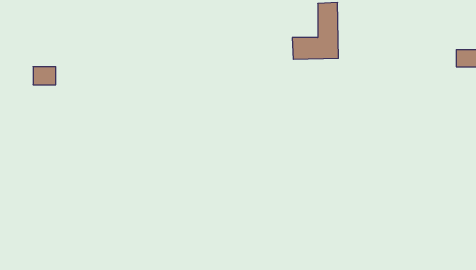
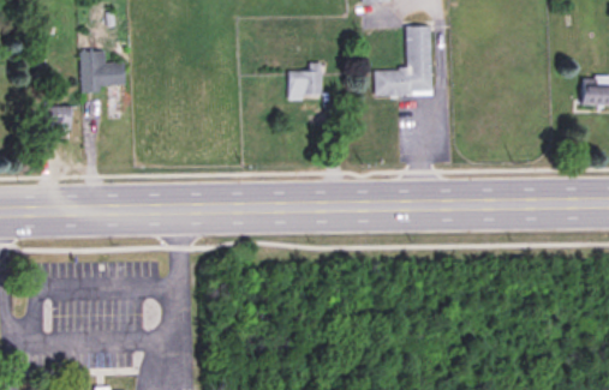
building: none -> [82,52,126,92]
building: none -> [288,64,322,98]

